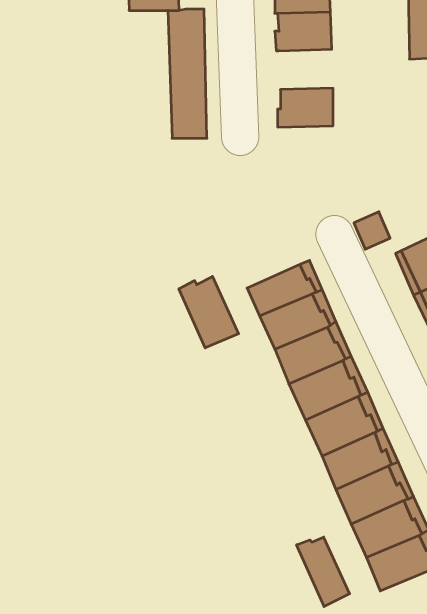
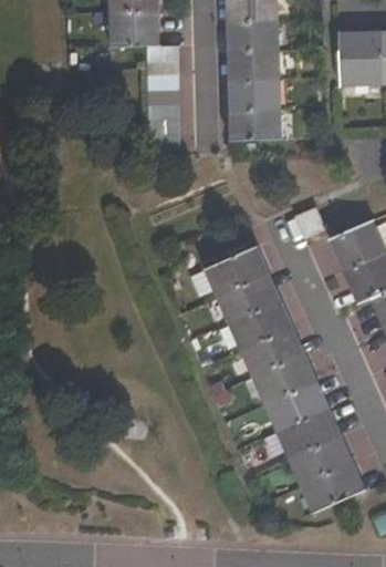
building: none -> [232,79,278,111]
building: [179,276,239,348] -> none
building: [297,537,350,607] -> none

